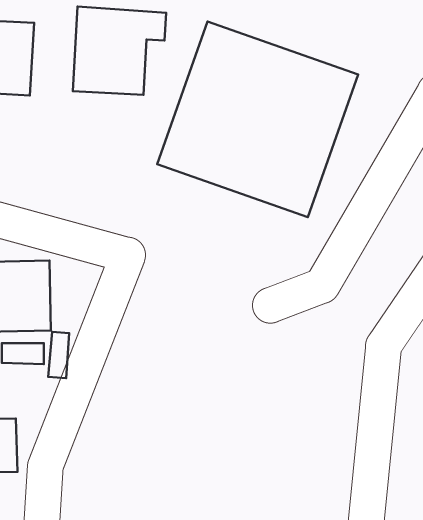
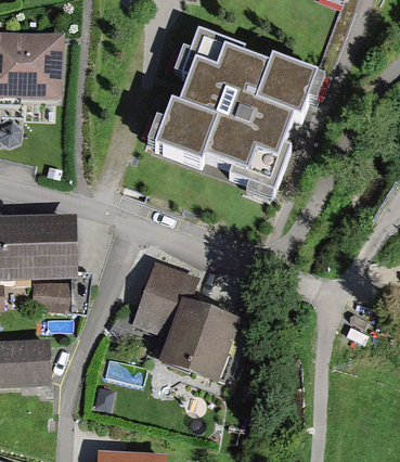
building: [73,6,166,95] -> none
building: none -> [134,259,234,373]

